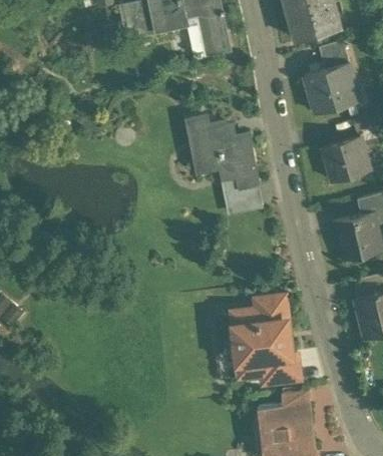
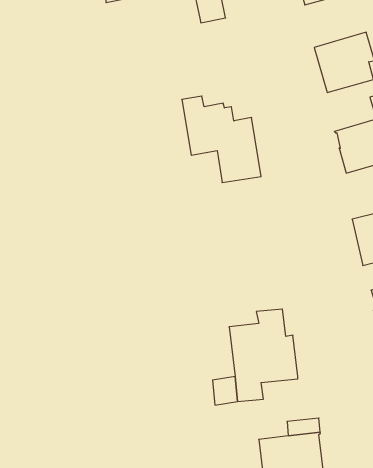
building: [318,40,348,69] -> none
building: [226,184,263,213] -> none
building: [259,354,299,383] -> none

